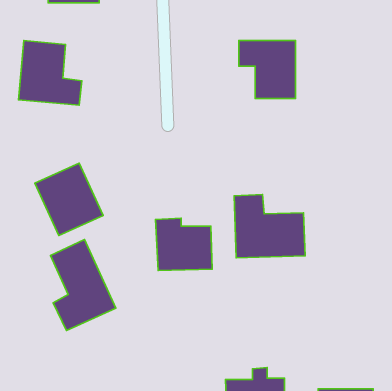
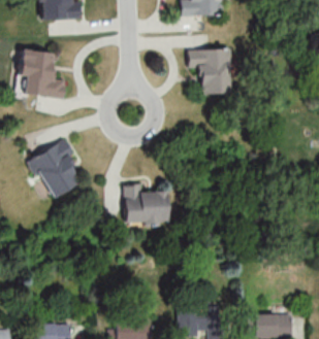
building: [234,194,305,258] -> none
building: [51,240,116,331] -> none

